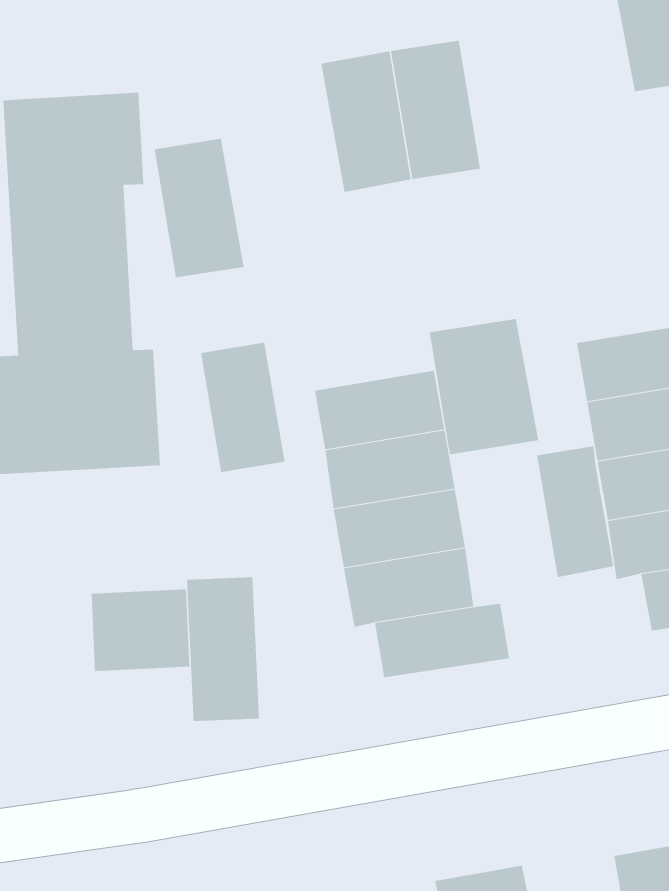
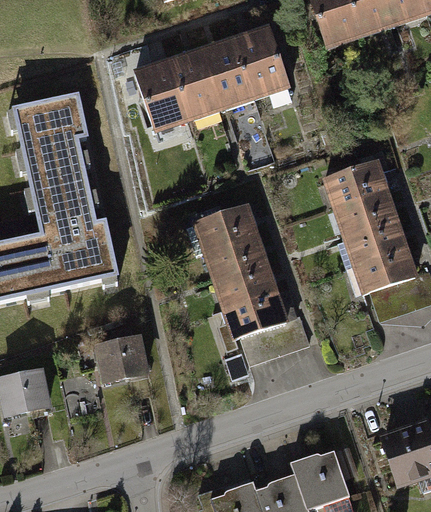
building: none -> [236,26,291,100]
building: [154,138,244,278] -> [135,60,190,134]
building: [429,318,539,455] -> none
building: [200,342,285,473] -> none
building: [537,446,614,578] -> none
building: [186,576,259,722] -> none

